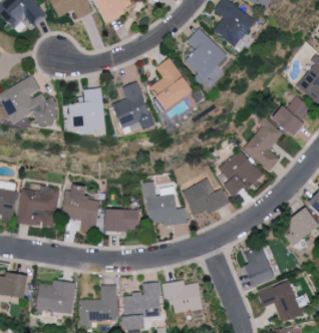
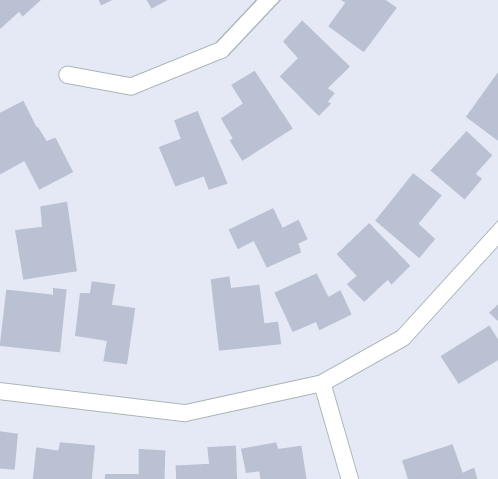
building: [67,86,105,133] -> [14,201,78,280]
building: none -> [228,207,309,268]
building: [104,209,138,231] -> none
building: [244,246,274,285] -> none

